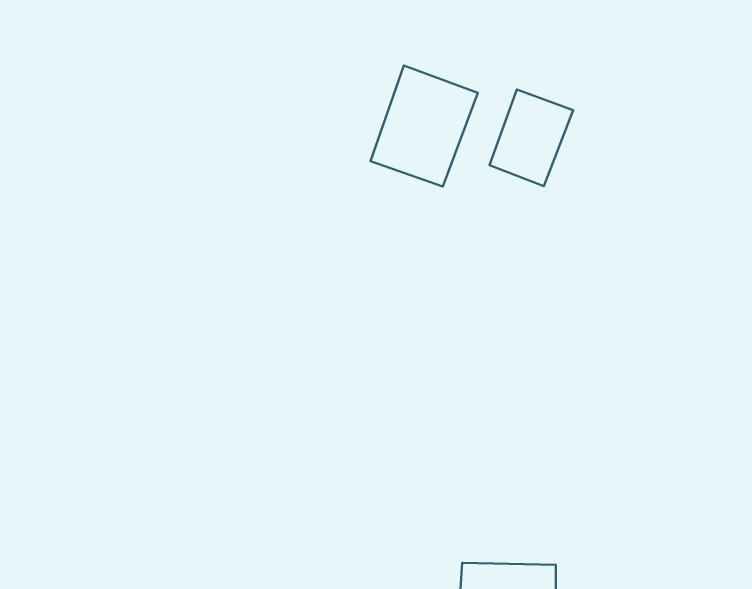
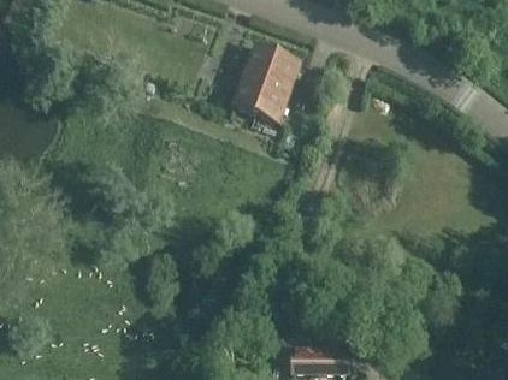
building: [490,90,573,186] -> none

